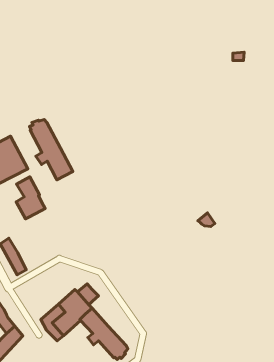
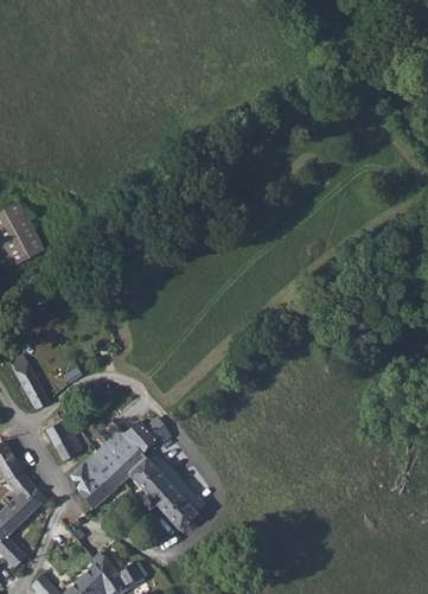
building: [30,120,73,180] -> none
building: [16,177,45,219] -> none
building: none -> [46,419,78,459]

